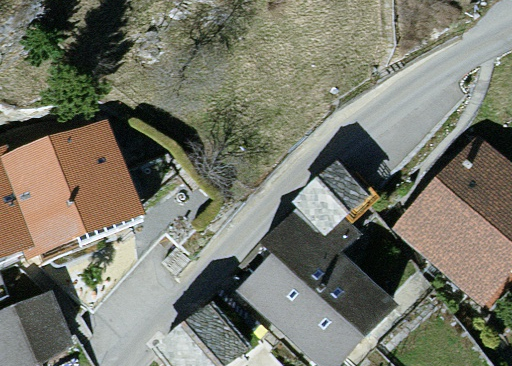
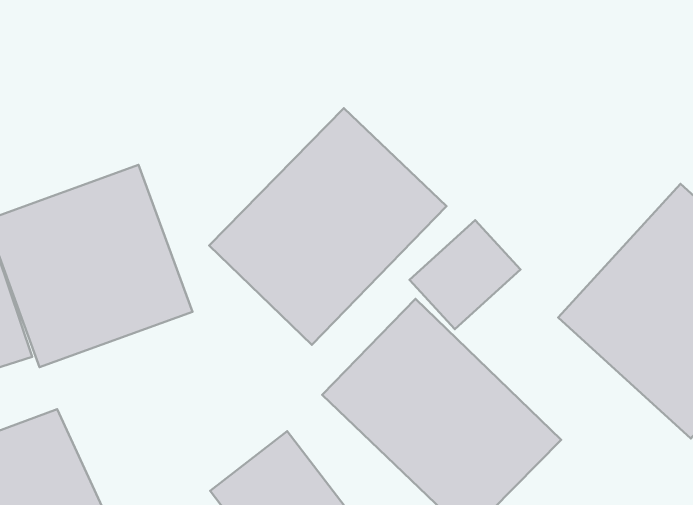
building: none -> [209,108,446,345]

